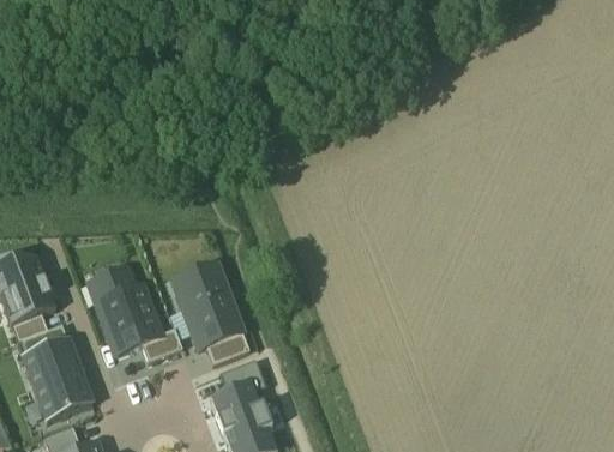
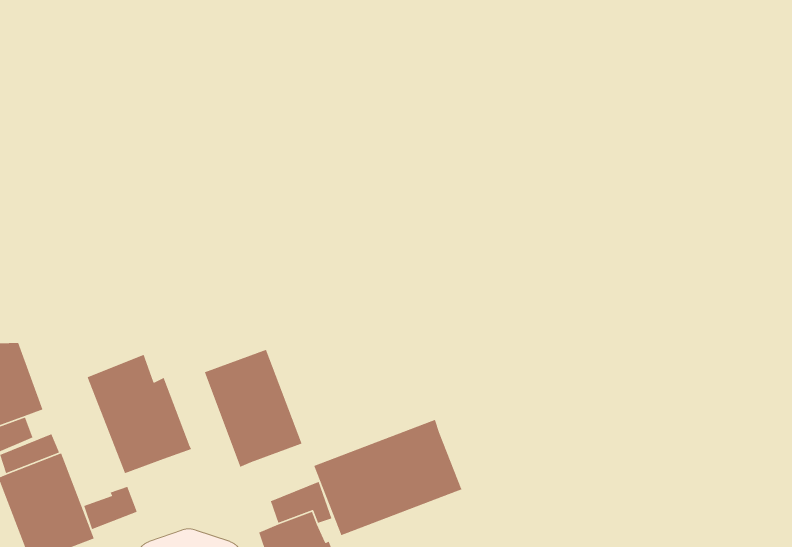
building: none -> [313,419,463,536]
building: [143,329,182,361] -> [83,486,138,530]
building: [206,332,249,364] -> none

